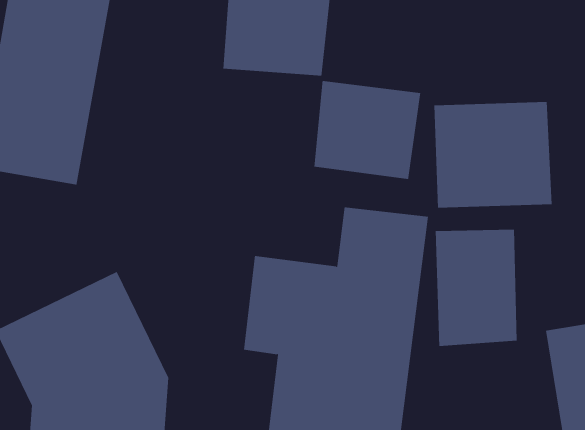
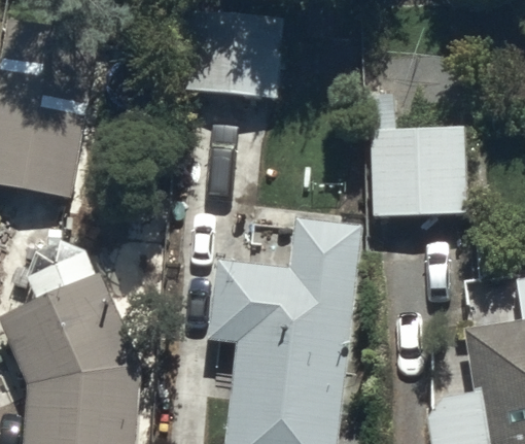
building: [314,80,421,180] -> none
building: [435,229,517,347] -> none

